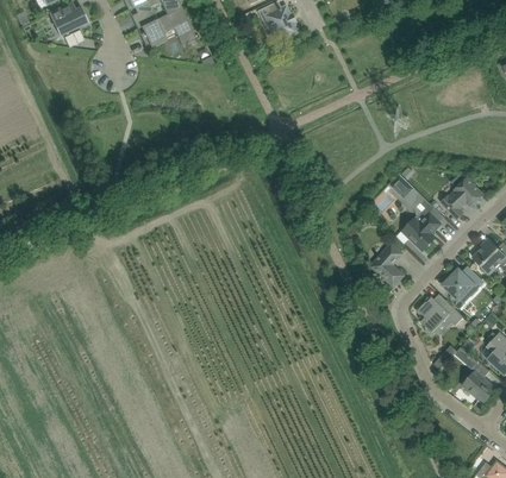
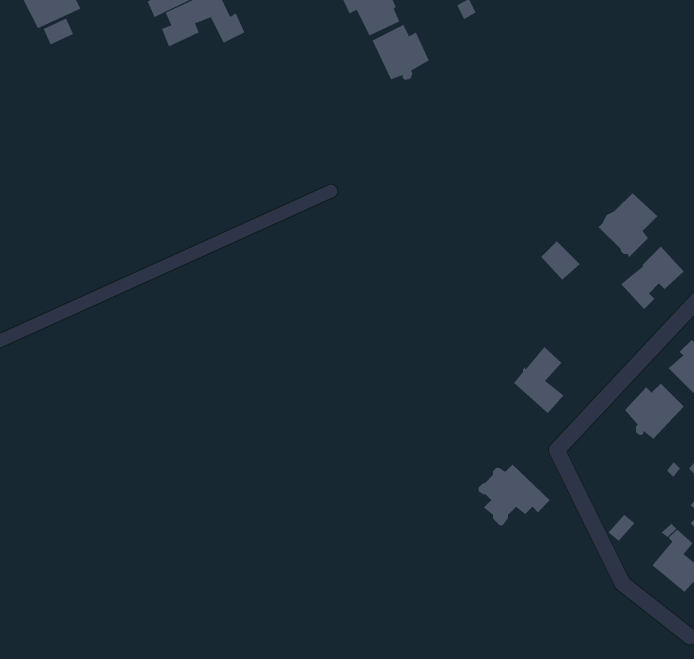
building: none -> [372,24,429,80]
building: [401,208,441,251] -> [598,192,658,258]
building: [416,294,463,334] -> [478,464,551,526]

